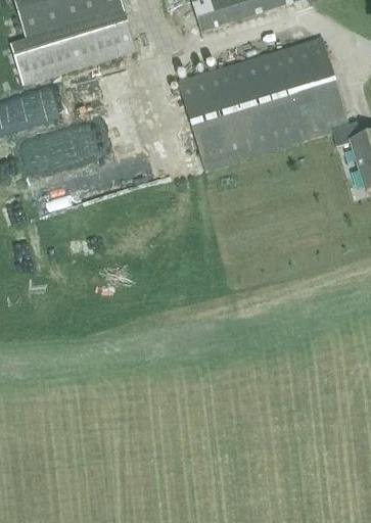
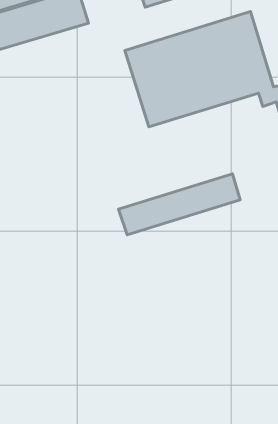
building: none -> [119,174,240,235]

